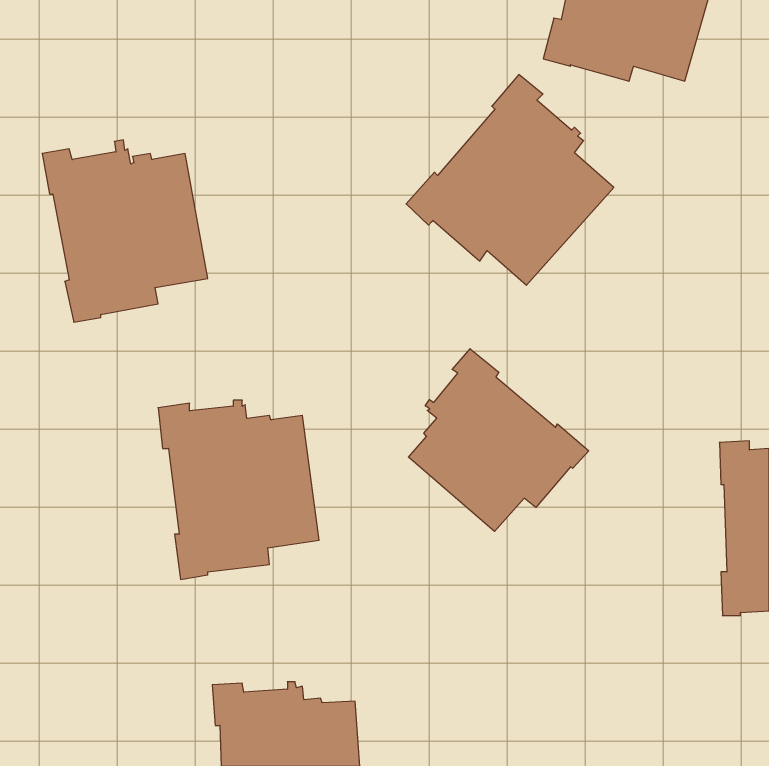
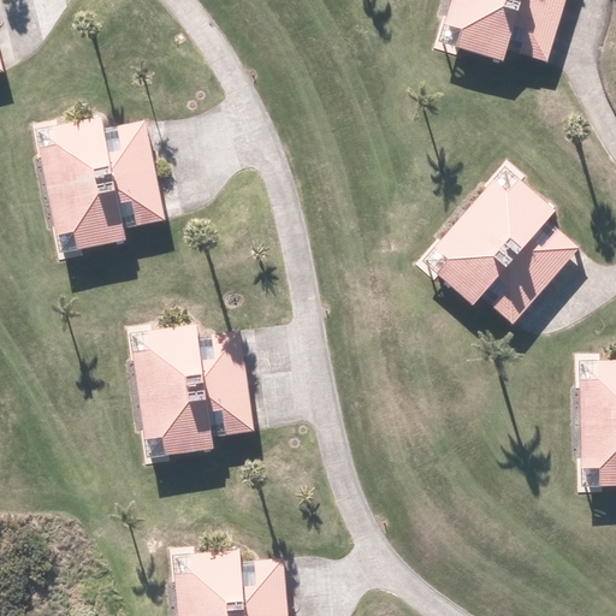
building: [406,75,614,285] -> [415,159,581,327]
building: [408,349,589,531] -> none

